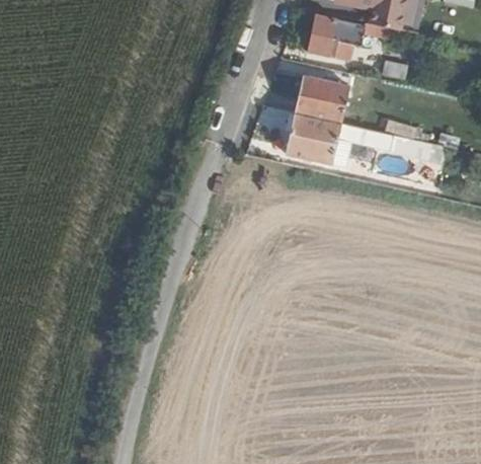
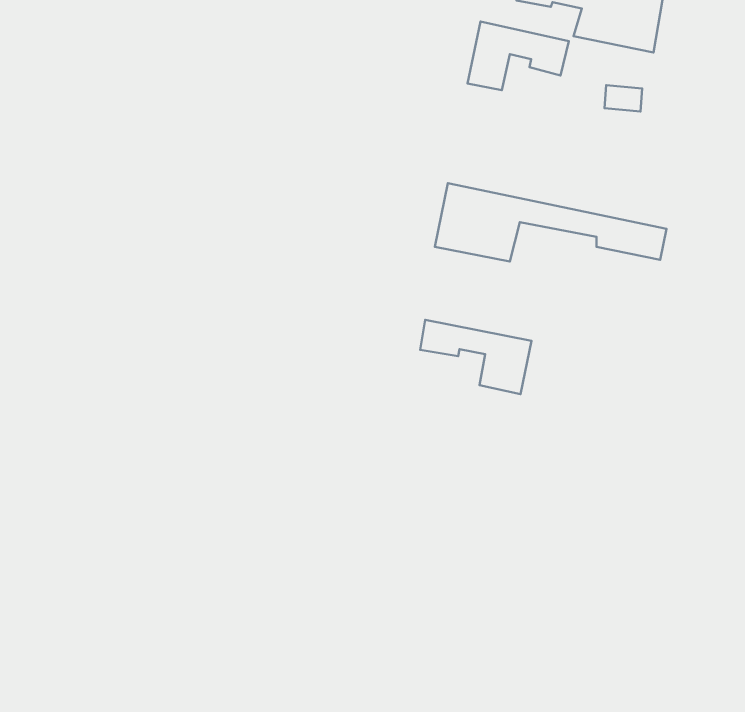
building: [292,78,348,125] -> none
building: none -> [420,320,531,394]

